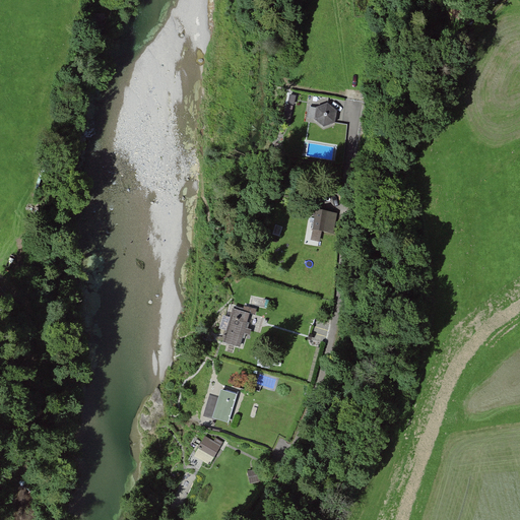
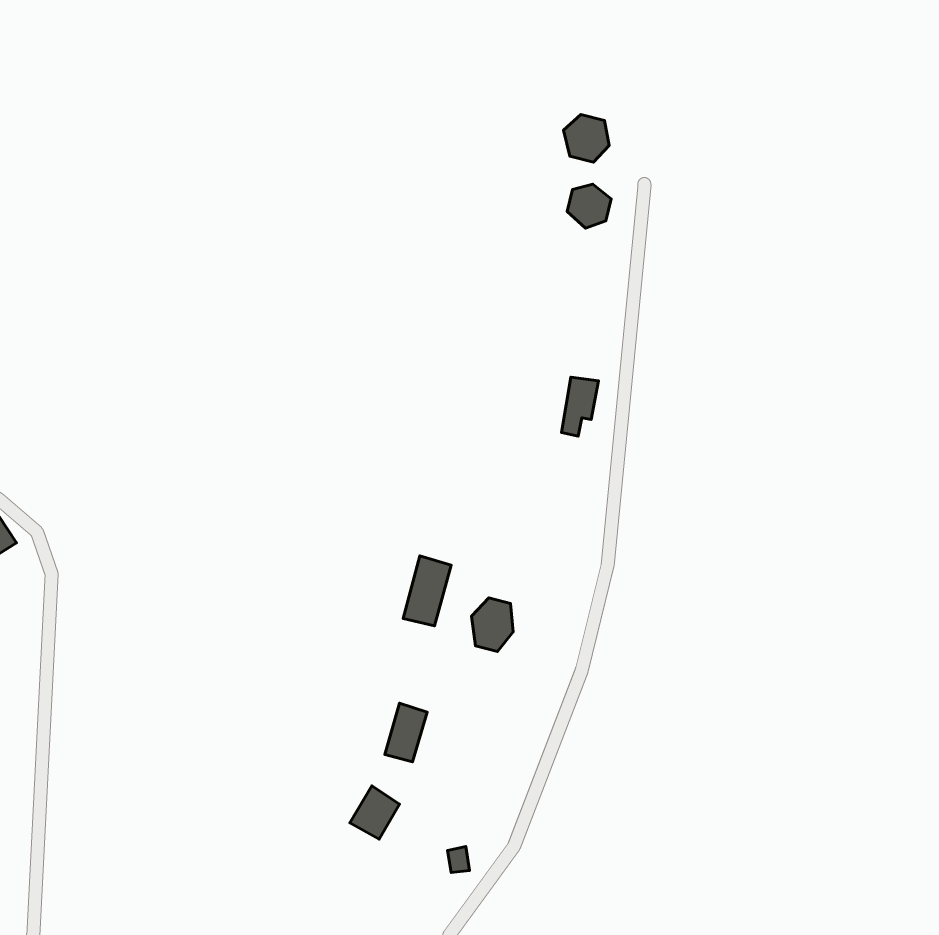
building: none -> [564,115,609,162]
building: none -> [471,598,513,651]

